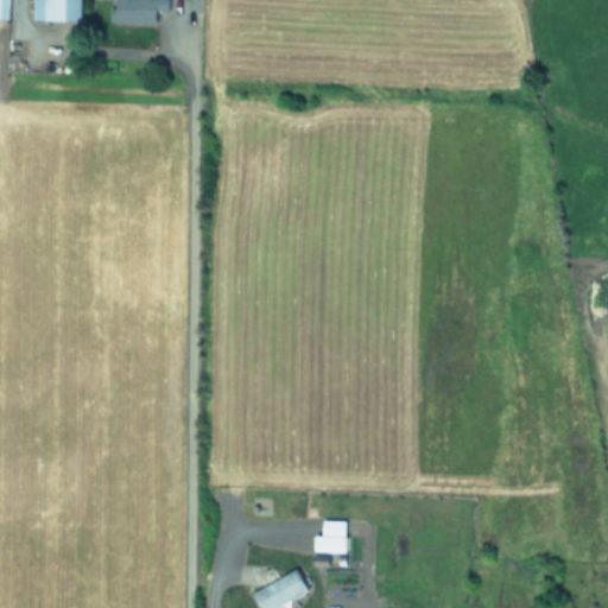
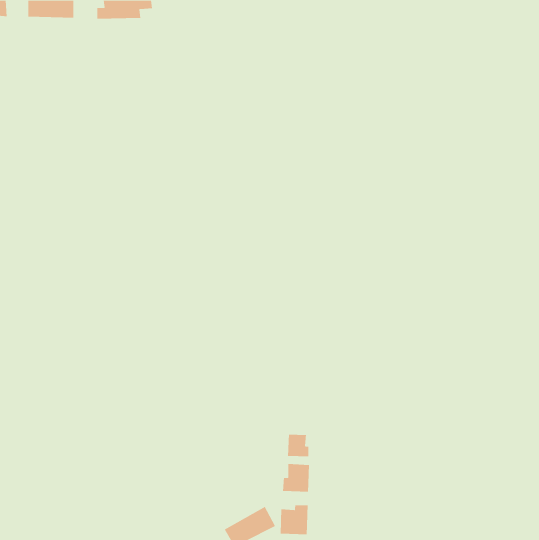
building: none -> [288,434,309,457]
building: none -> [280,505,308,535]

